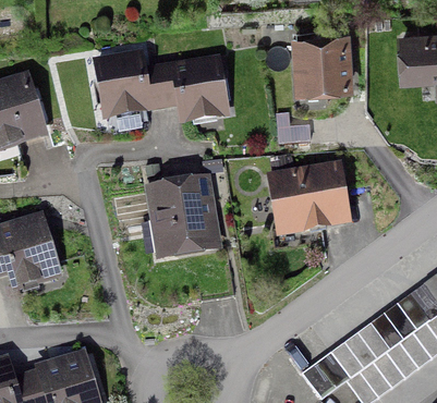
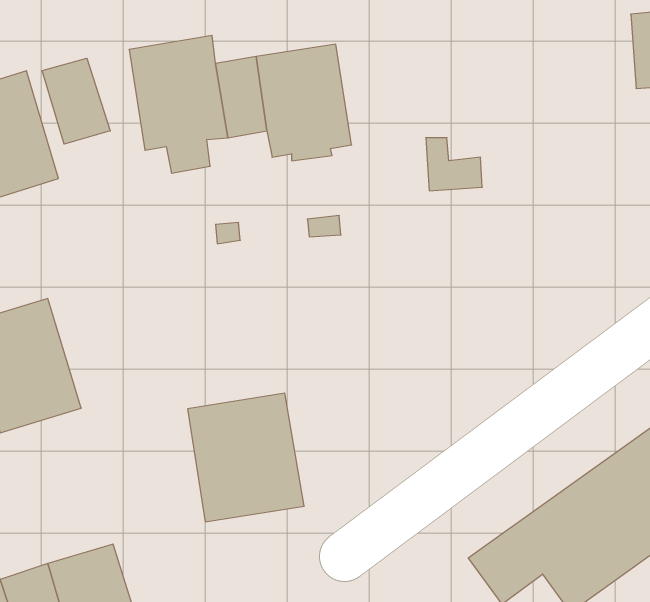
building: [294,34,350,90] -> none
building: none -> [42,58,110,144]
building: [271,167,347,234] -> none
building: [148,179,220,258] -> [188,393,304,522]

